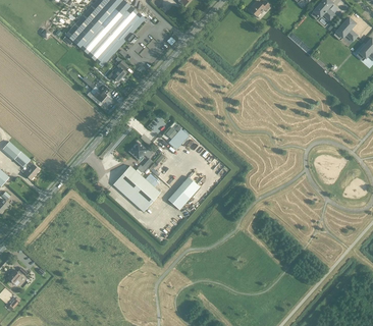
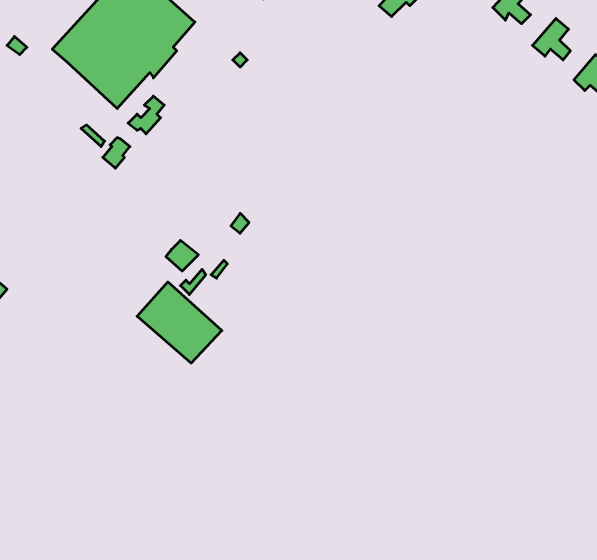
building: [167,176,199,209] -> none

